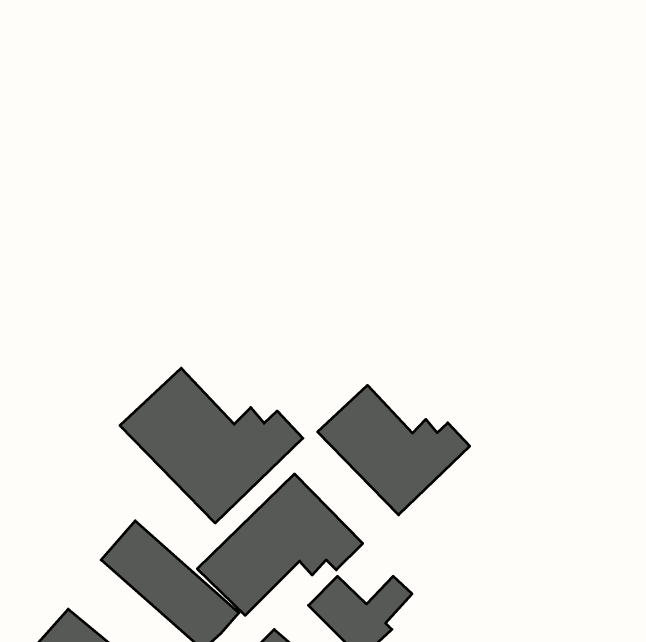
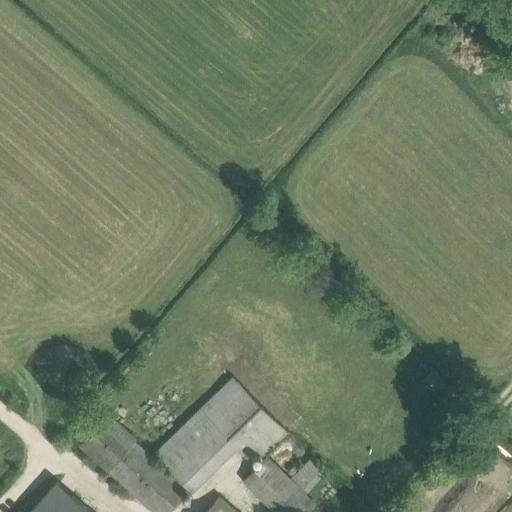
building: [120,368,303,523] -> none
building: [318,385,470,515] -> none

